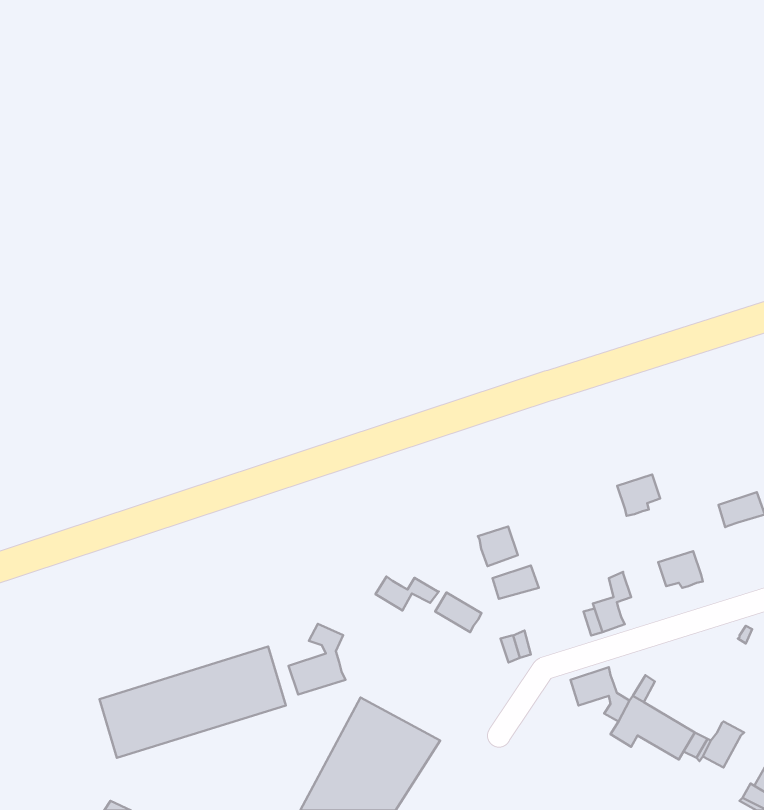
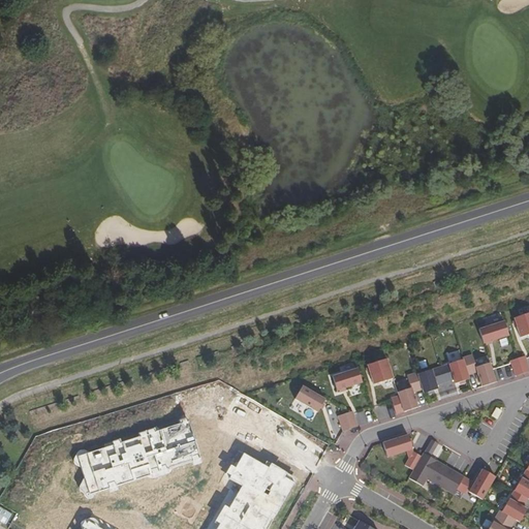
building: [617,475,660,516] -> [417,366,445,393]
building: [478,527,518,566] -> [368,359,394,384]
building: none -> [463,354,496,386]
building: [375,576,439,610] -> none
building: [289,624,345,695] -> none

